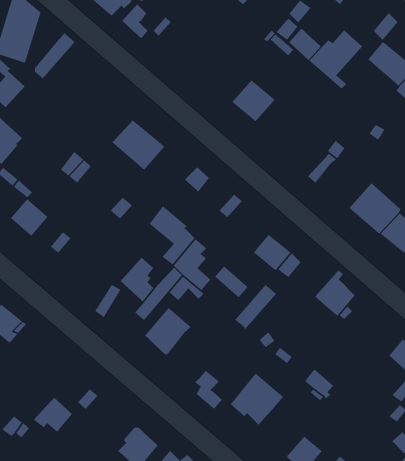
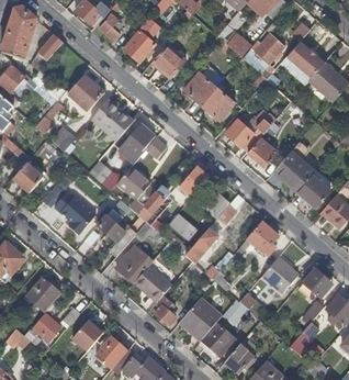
building: none -> [123,31,155,63]
building: none -> [150,44,184,78]
building: none -> [35,76,103,132]
building: none -> [201,87,234,120]
building: none -> [224,118,254,146]
building: none -> [117,125,154,163]
building: none -> [247,136,277,166]
building: none -> [181,167,209,202]
building: none -> [53,191,97,233]
building: none -> [262,258,296,293]
building: none -> [134,266,170,301]
building: none -> [26,279,60,314]
building: none -> [72,321,104,351]
building: none -> [201,323,235,357]

